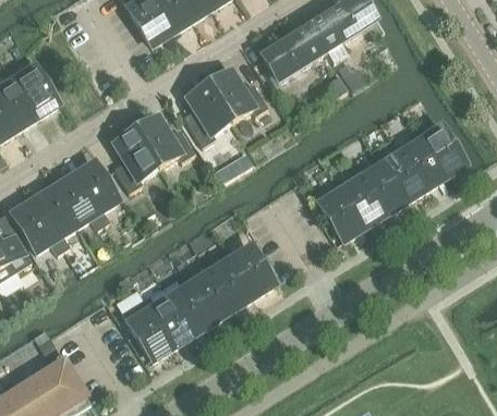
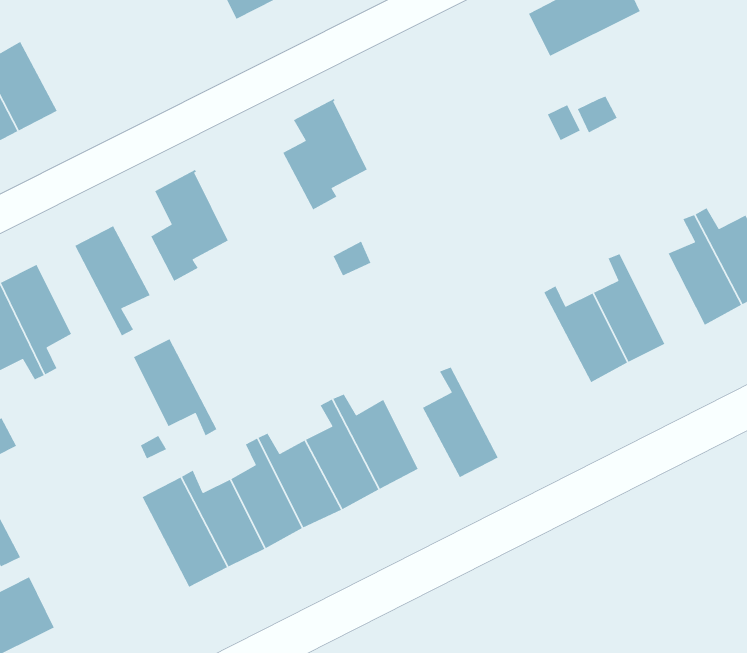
building: [264,26,326,79] -> none
building: [209,70,268,121] -> none
building: [136,115,195,167] -> none
building: [374,149,424,201] -> none
building: [53,175,104,228] -> [133,338,218,436]
building: [319,179,364,240] -> [422,366,499,478]

